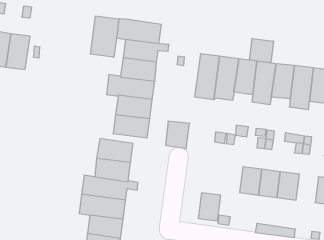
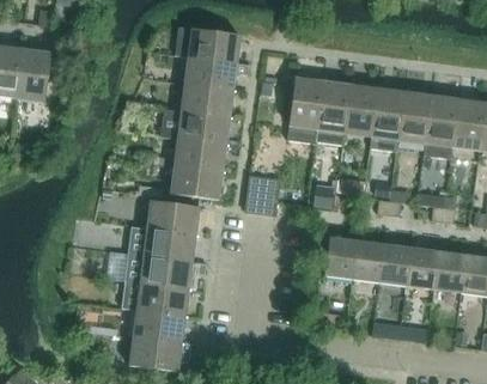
building: [91,16,119,57] -> none
building: [249,38,274,63] -> none
building: none -> [433,251,465,292]
building: [198,193,221,221] -> [324,237,357,278]

